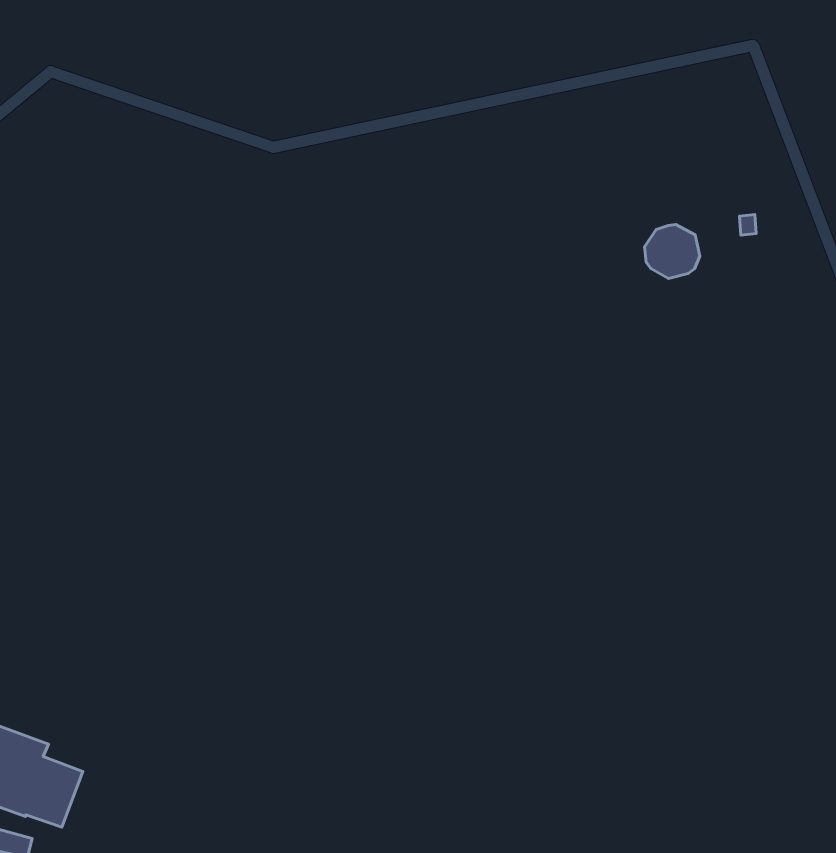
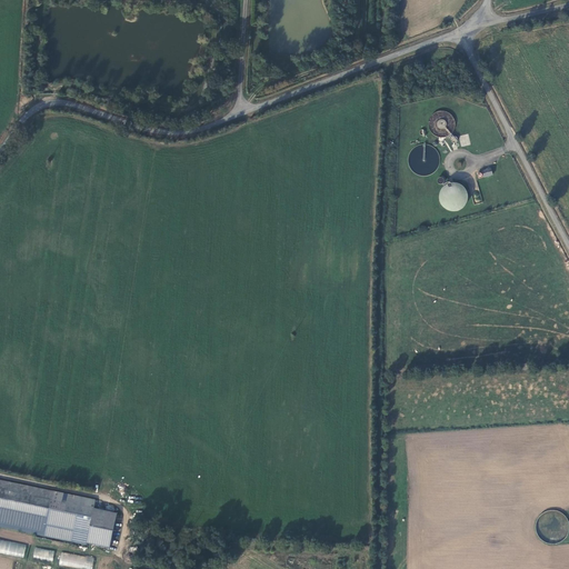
building: none -> [427,112,453,139]
building: none -> [438,183,467,211]

